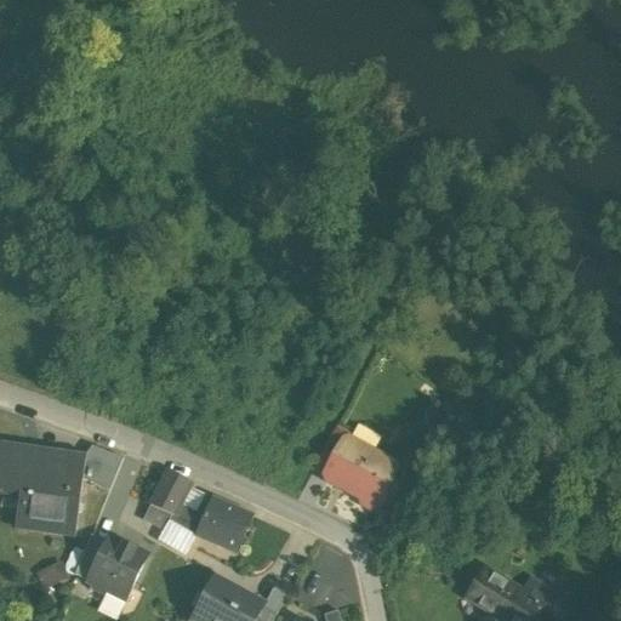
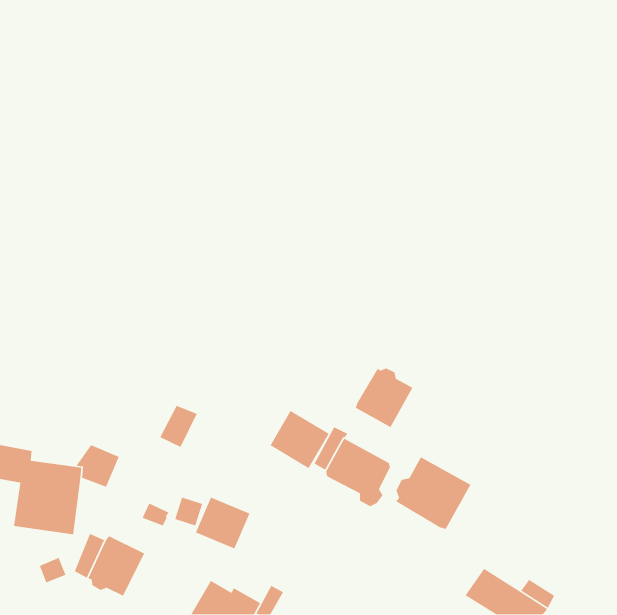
building: none -> [355,367,413,428]
building: none -> [269,410,330,469]
building: none -> [395,456,471,530]
building: [149,471,188,513] -> [159,405,198,447]

